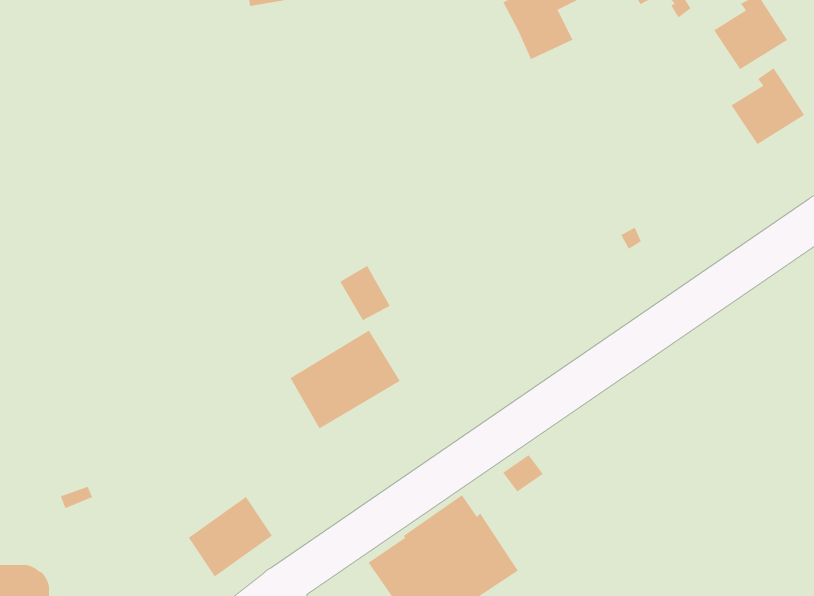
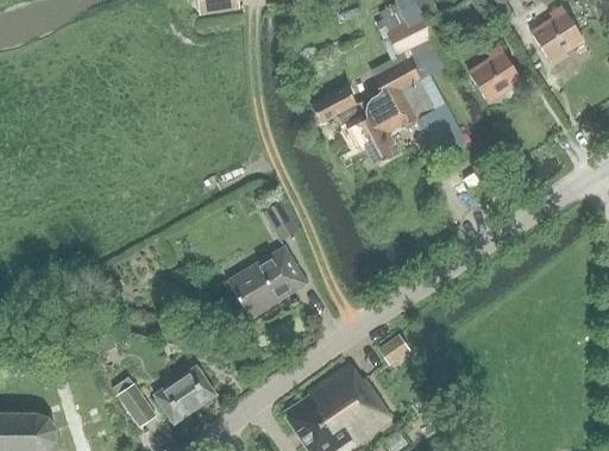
building: [730,67,805,145] -> [469,45,522,101]
building: none -> [310,61,452,165]
building: none -> [114,383,157,430]

